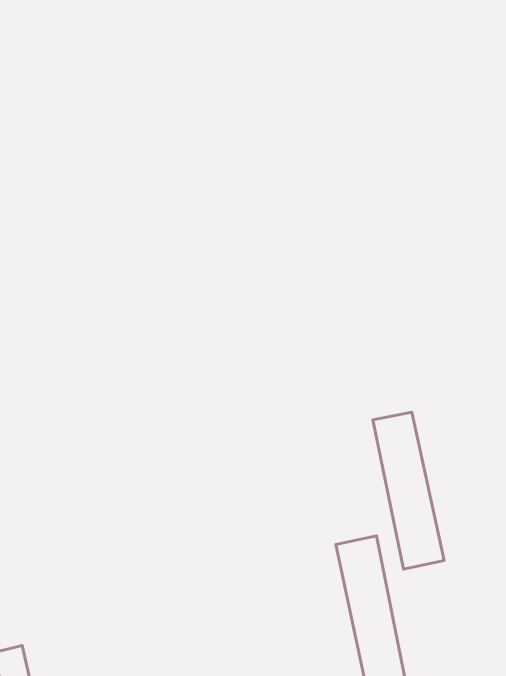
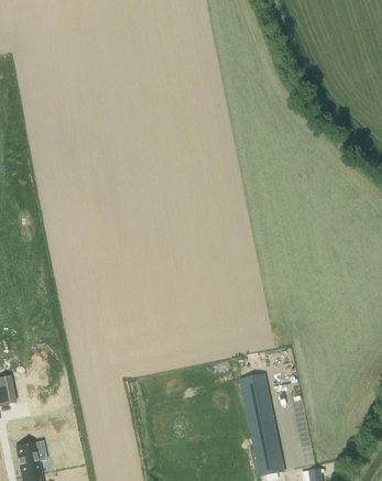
building: [373,412,444,569] -> none

